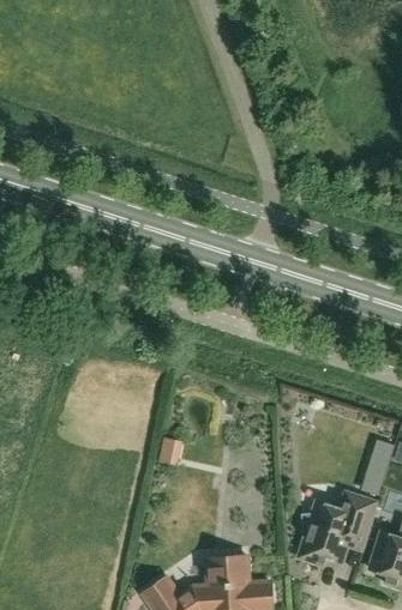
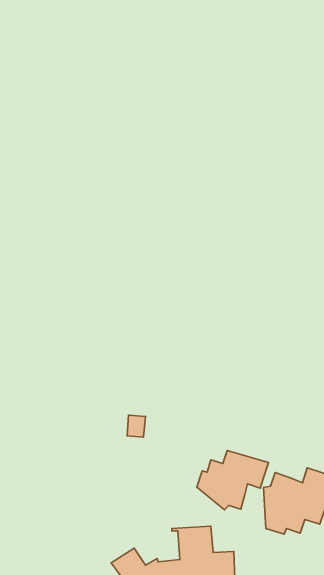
building: none -> [197,450,268,510]

